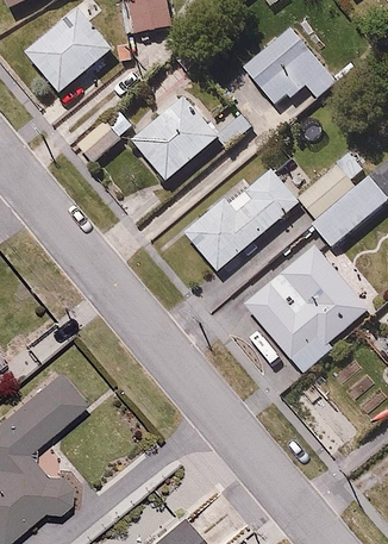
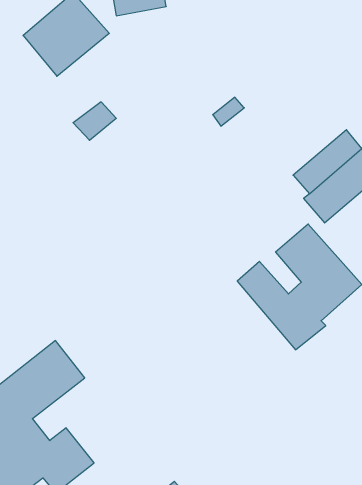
building: [243,24,339,102] -> none
building: [129,98,217,183] -> none
building: [182,169,300,273] -> none

